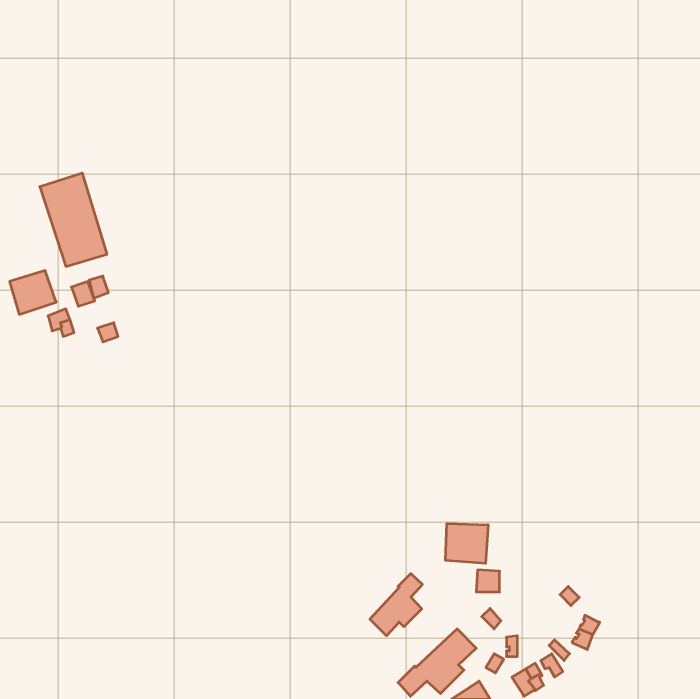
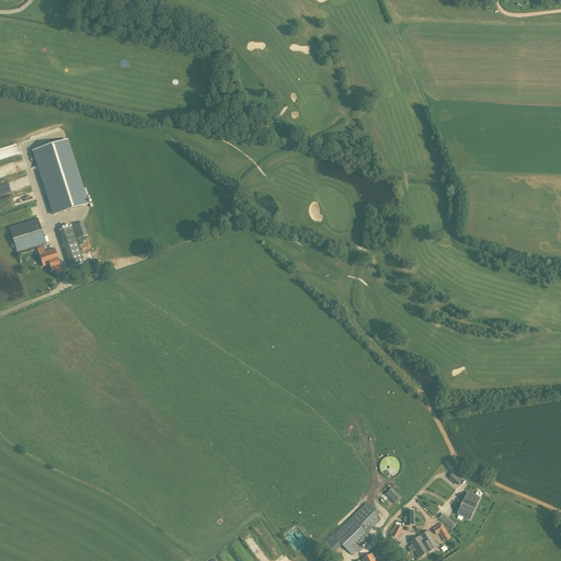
building: [446,524,488,563] -> none
building: [370,574,422,636] -> none

